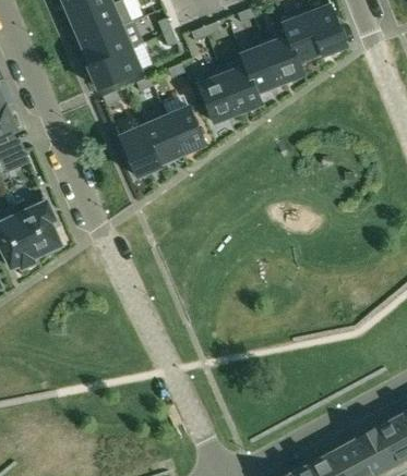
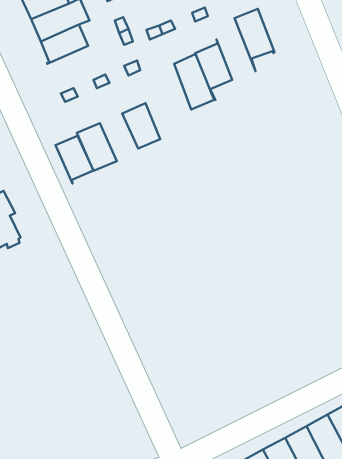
building: [306,5,347,54] -> none
building: [263,20,303,83] -> none
building: [88,48,141,89] -> none
building: [194,66,237,122] -> none
building: [143,118,182,167] -> [55,136,94,183]

